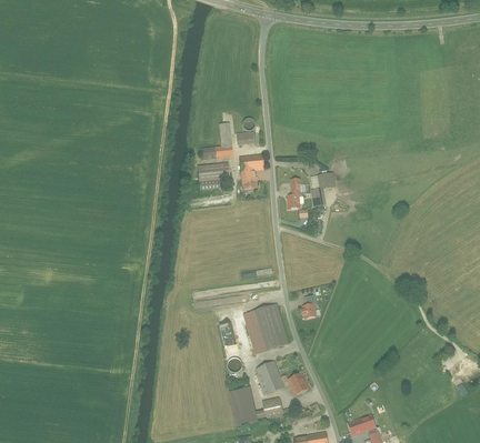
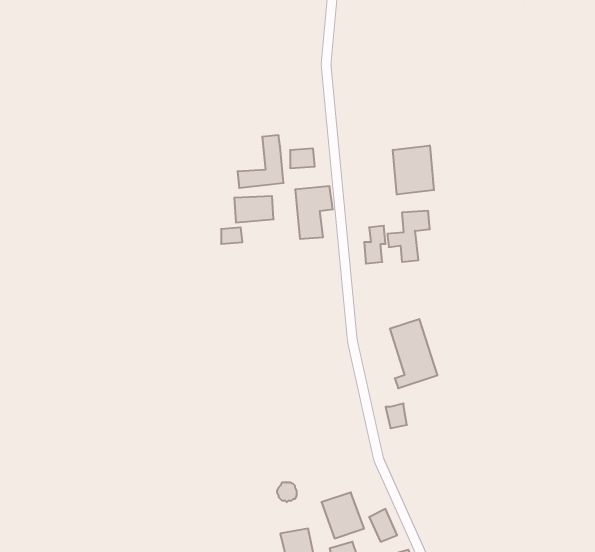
building: none -> [393,145,434,195]
building: [256,308,288,354] -> [390,319,438,388]

